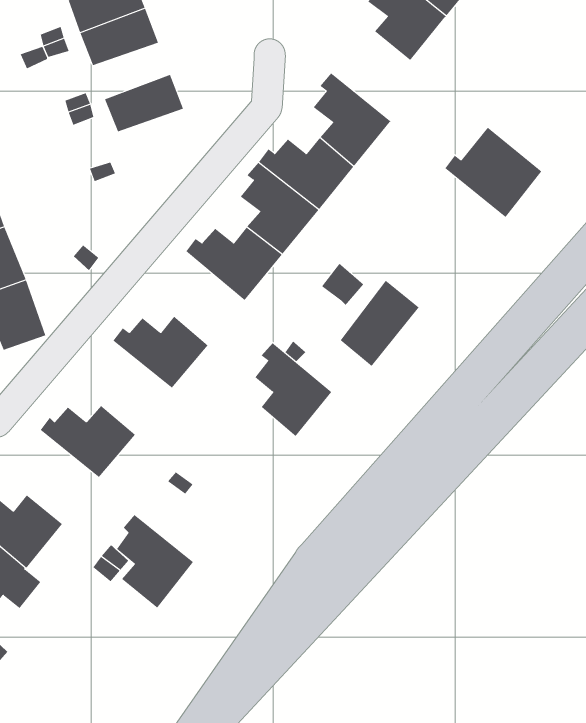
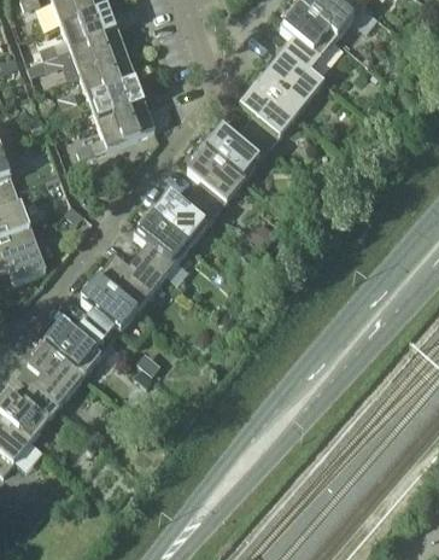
building: none -> [78,56,135,97]
building: none -> [96,104,153,147]
building: [444,127,542,218] -> [252,47,323,113]
building: [340,280,419,367] -> none
building: none -> [80,273,136,342]
building: [254,342,332,437] -> [133,208,189,276]
building: [116,514,194,609] -> [27,338,83,407]

